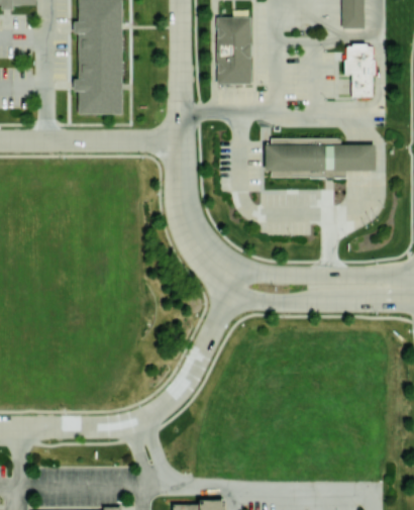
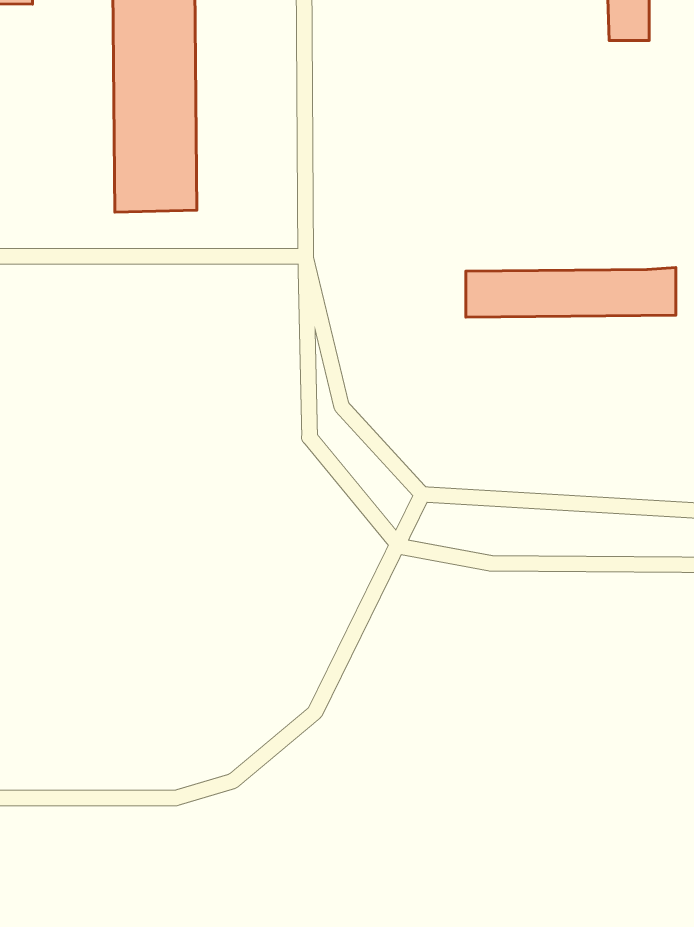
building: [215,16,249,82] -> none
building: [342,42,374,95] -> none

